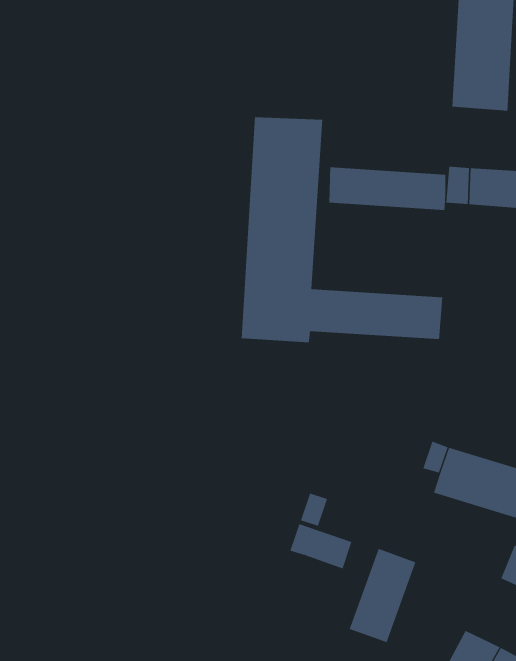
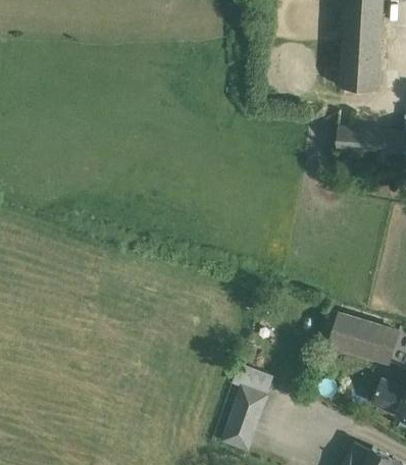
building: [241,117,443,343] -> none
building: [329,166,446,211] -> none
building: [349,548,416,643] -> [222,389,267,452]

